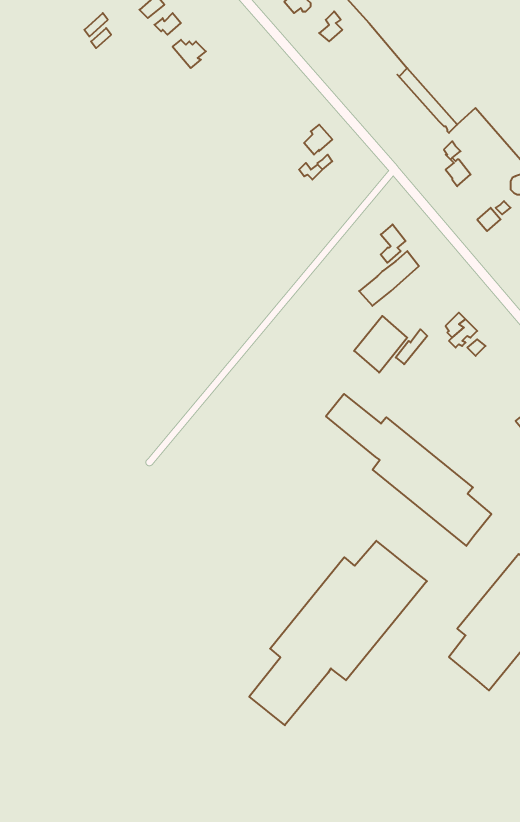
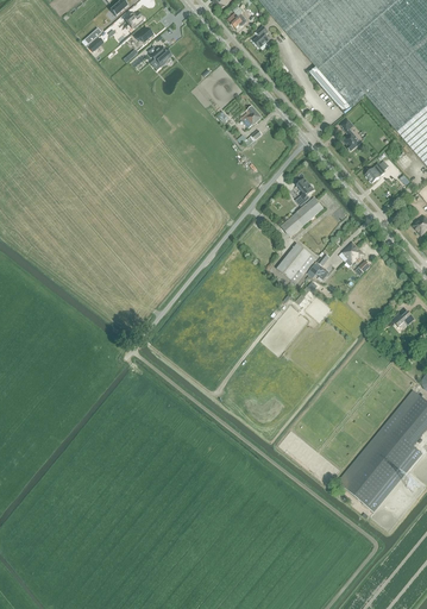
building: [326,394,491,546] -> none
building: [249,541,427,725] -> none

